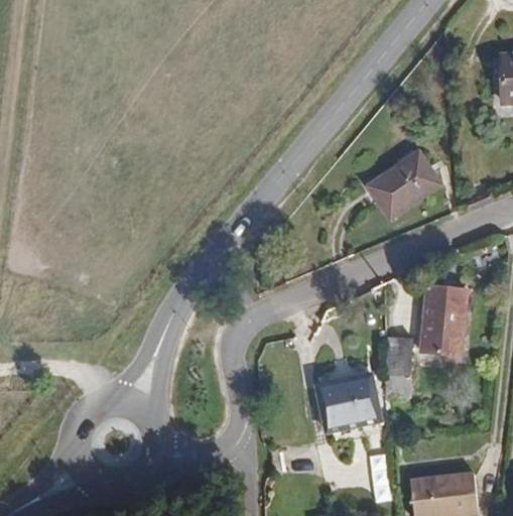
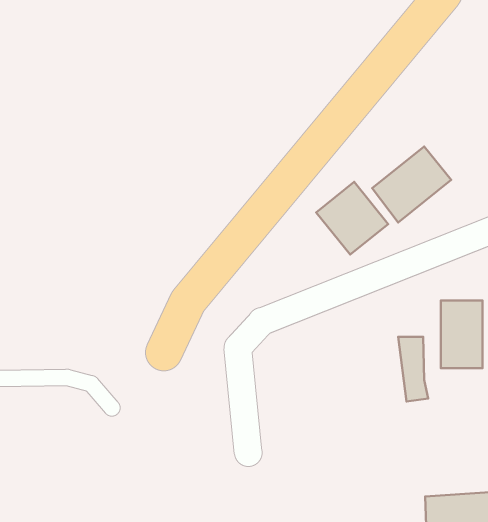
building: none -> [316,182,388,255]
building: [312,373,381,434] -> none

